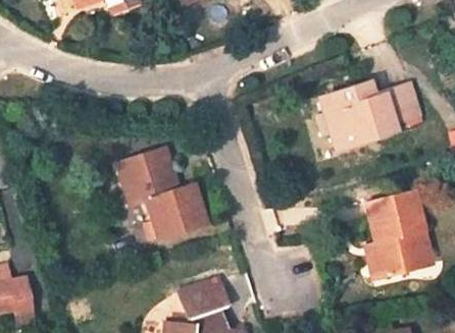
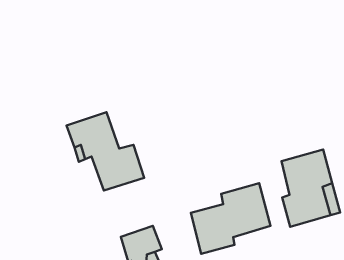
building: [321,82,420,149] -> none
building: none -> [191,183,271,254]

